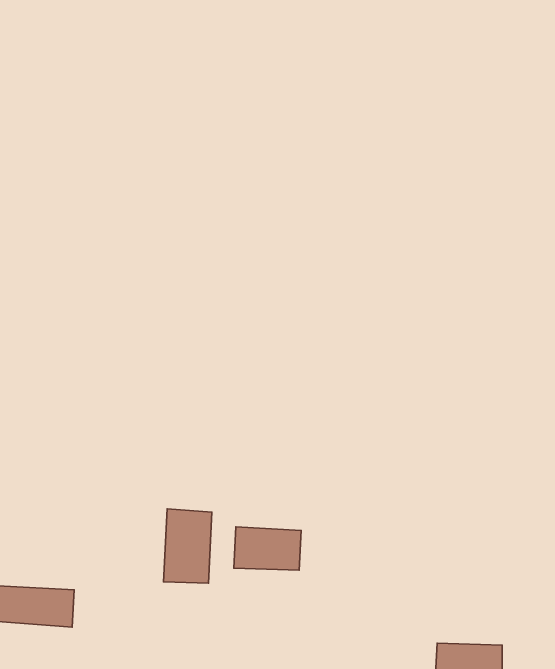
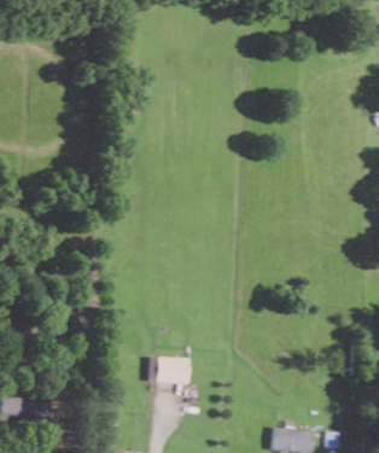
building: [164,509,212,583] -> none

